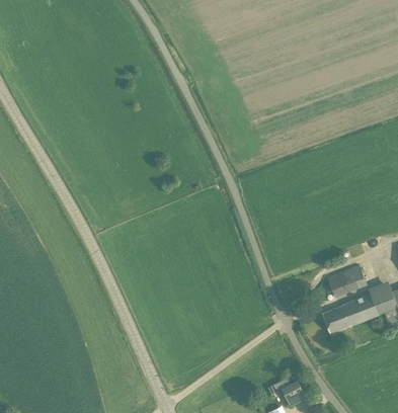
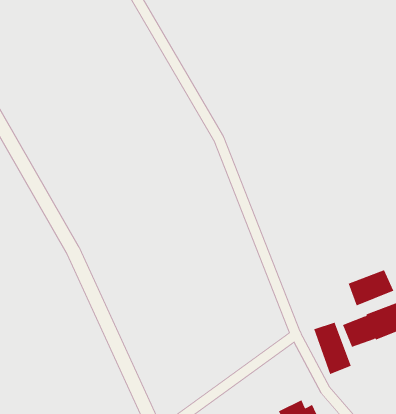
building: none -> [313,322,351,375]

